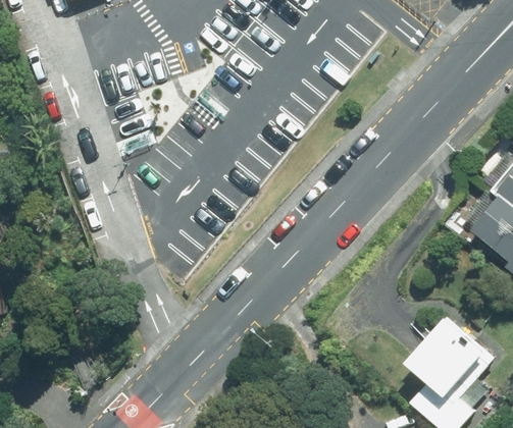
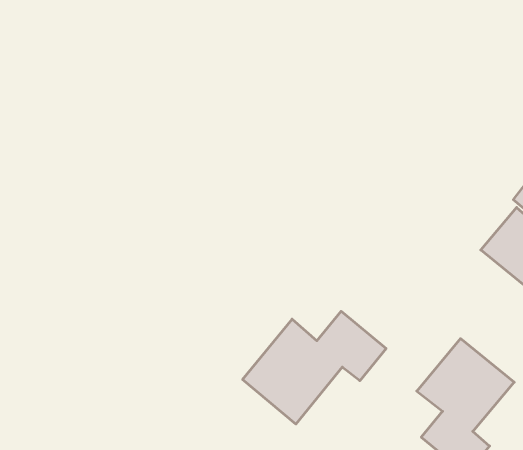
building: none -> [243,311,386,424]

